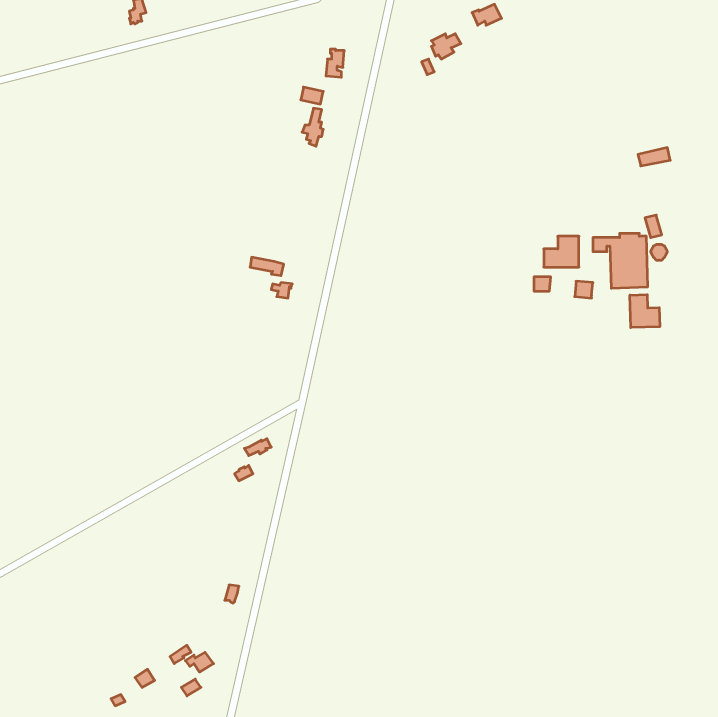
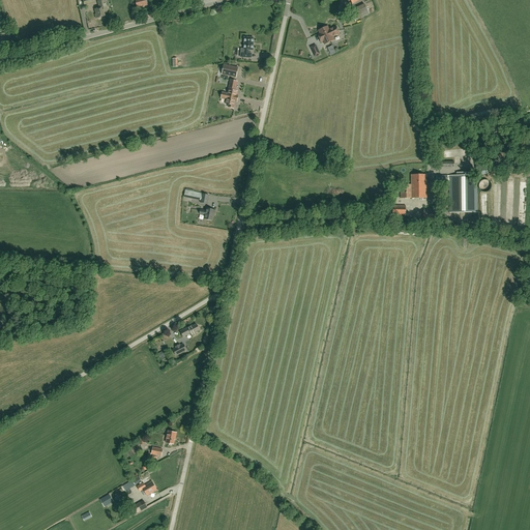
building: [630,295,660,328] -> none

